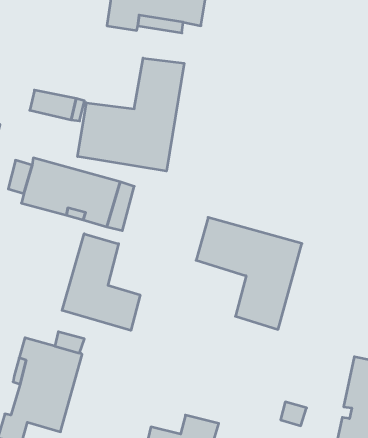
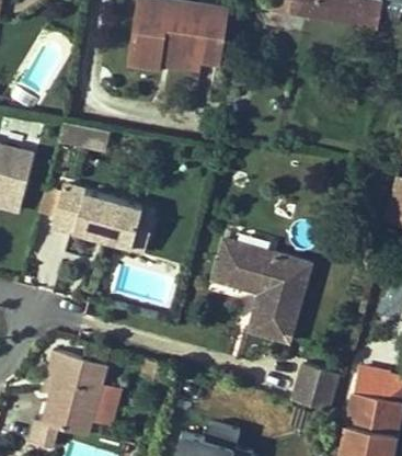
building: [78,58,184,171] -> none
building: [62,234,140,330] -> none
building: none -> [292,364,341,411]

